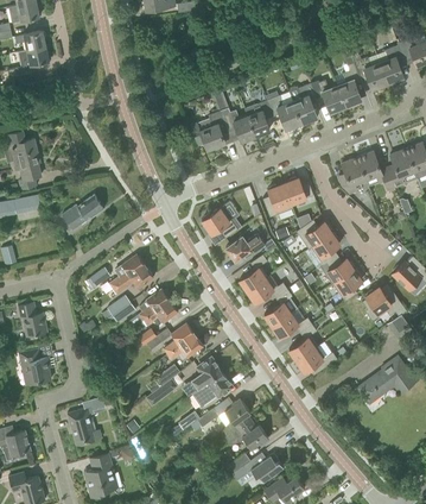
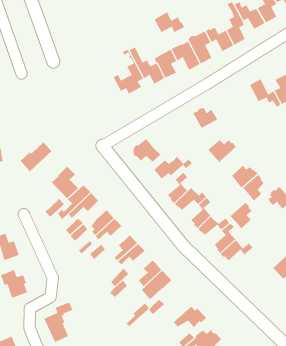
building: none -> [154,11,185,33]
building: [338,156,365,193] -> none
building: [262,182,293,216] -> none
building: none -> [51,166,79,199]
building: [310,231,339,264] -> [229,202,252,229]
building: [221,397,252,437] -> none

